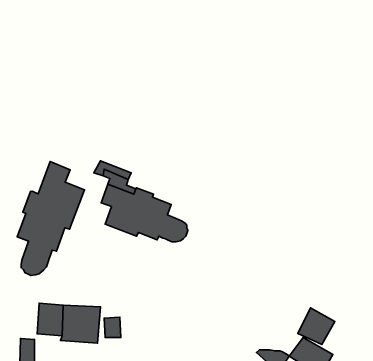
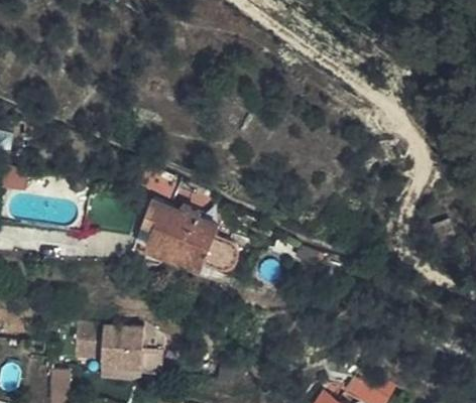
building: [17,161,84,275] -> none
building: [298,308,335,344] -> none

